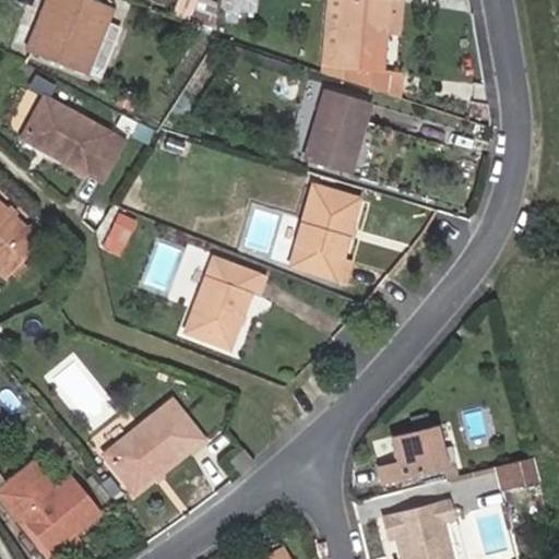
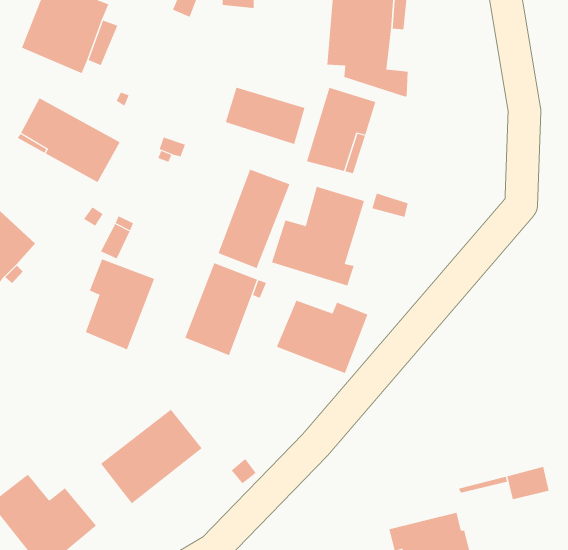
building: none -> [225,87,305,145]
building: none -> [218,169,290,269]
building: none -> [85,258,155,350]
building: none -> [276,300,368,374]
building: [380,425,445,483] -> none

